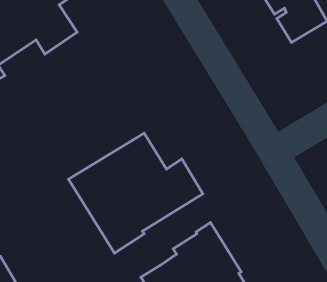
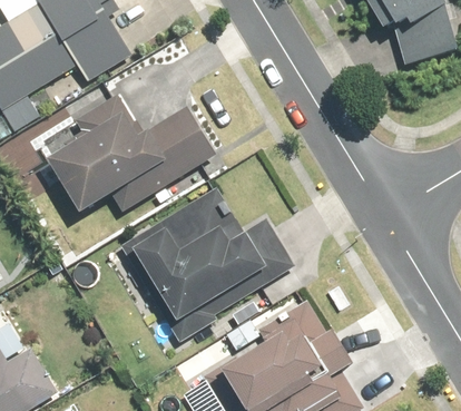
building: none -> [42,96,217,215]

